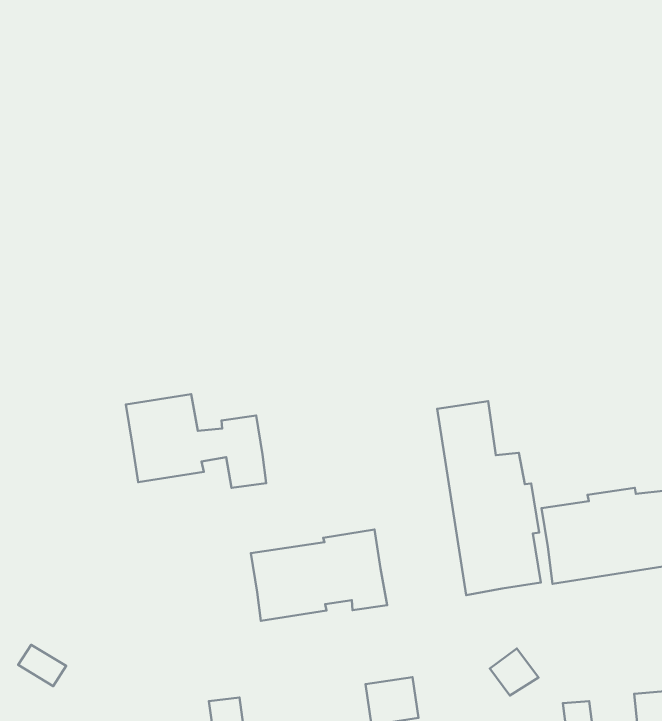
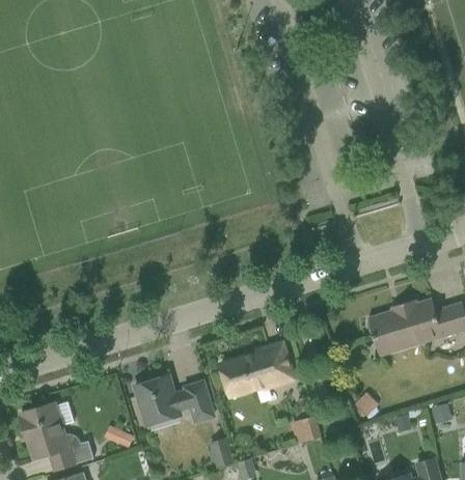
building: [126,394,266,488] -> [134,375,213,425]
building: [437,401,541,595] -> none

